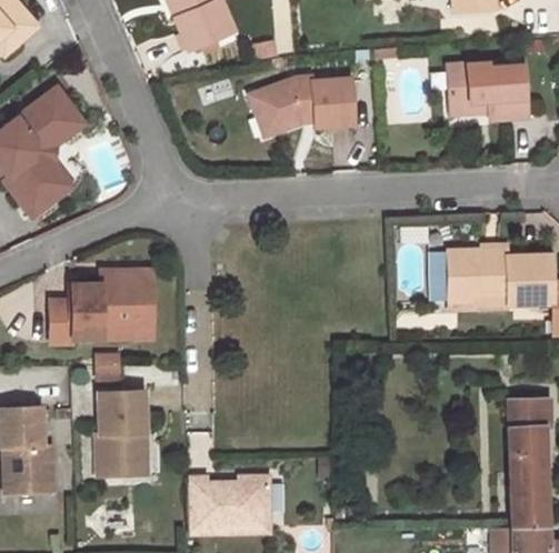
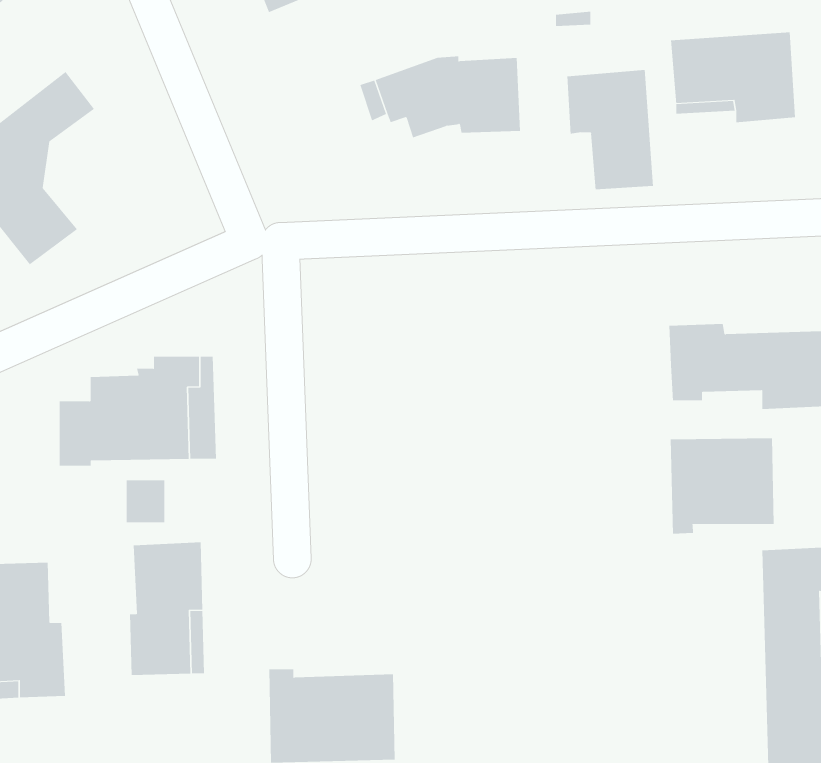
building: none -> [567,69,653,190]
building: none -> [670,438,774,534]

